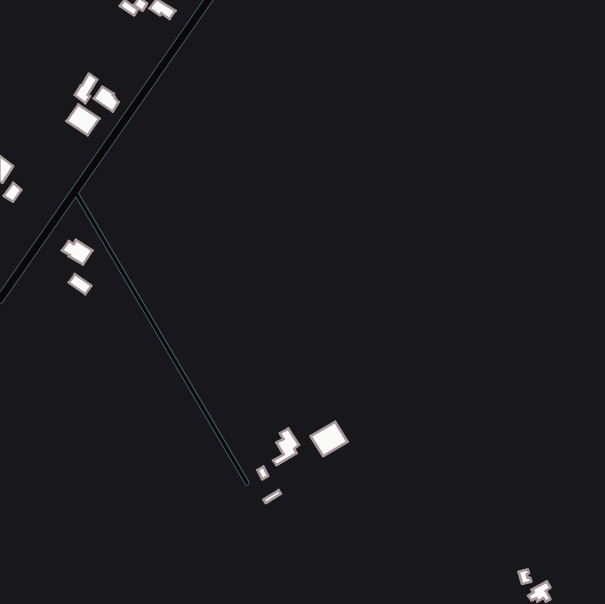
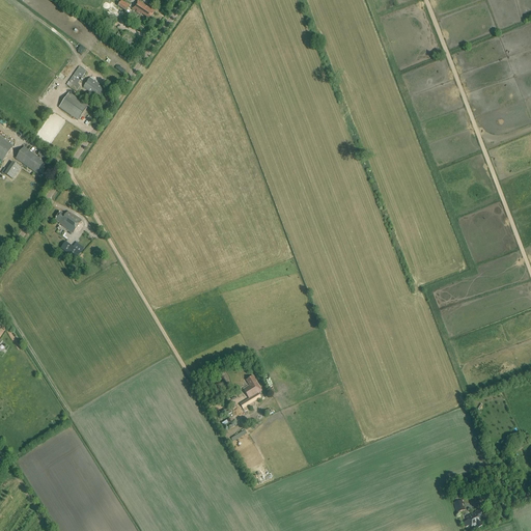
building: none -> [15,146,48,173]
building: [311,422,348,456] -> none

